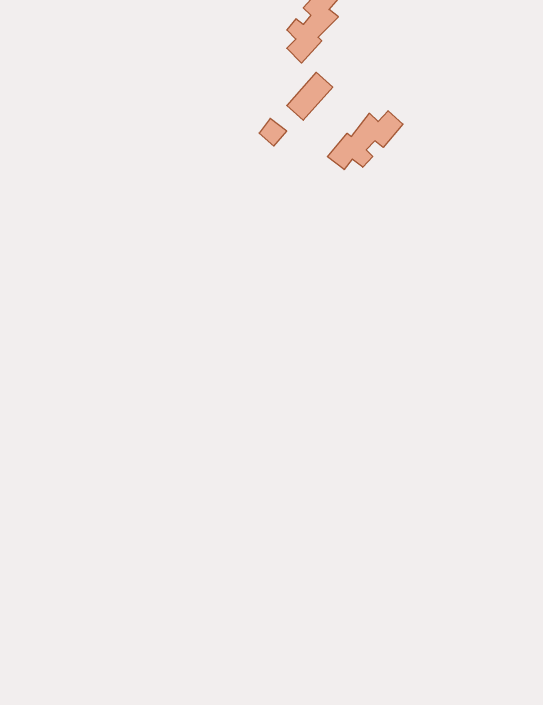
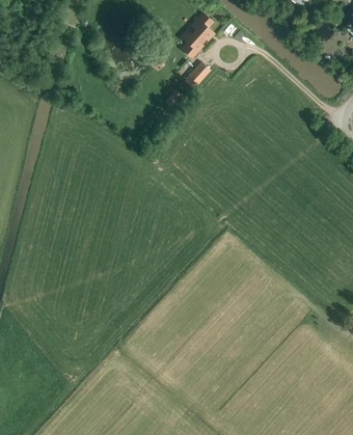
building: [327,111,403,170] -> none

